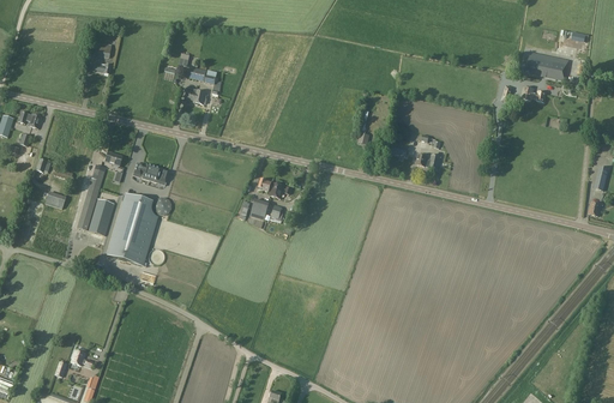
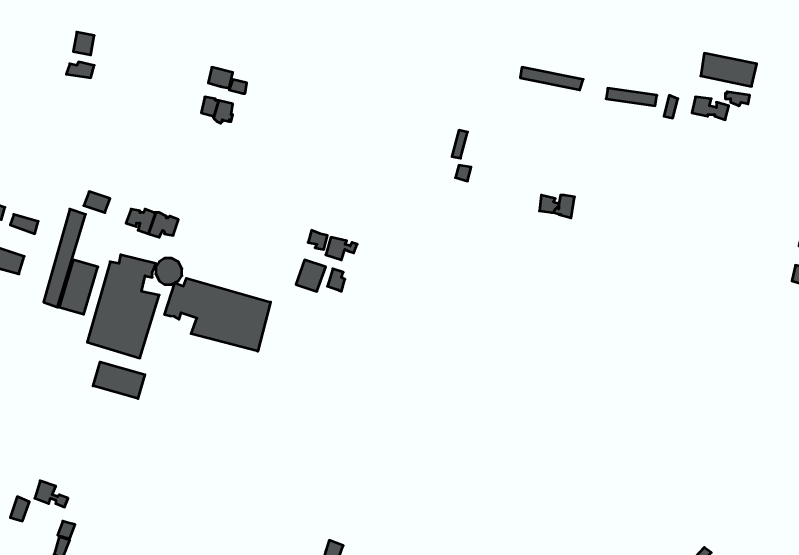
building: none -> [165,278,271,351]
building: none -> [93,362,145,399]

